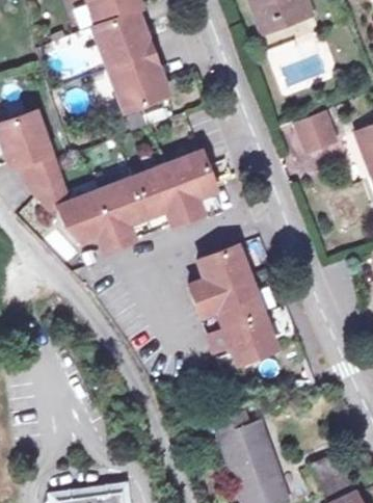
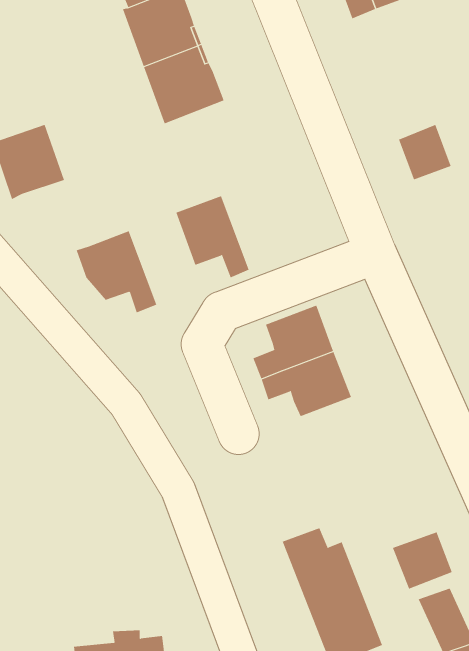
building: [167,150,217,218] -> none
building: [20,152,69,208] -> none
building: [99,176,148,244] -> none
building: [209,313,277,362] -> none
building: none -> [392,531,452,590]

